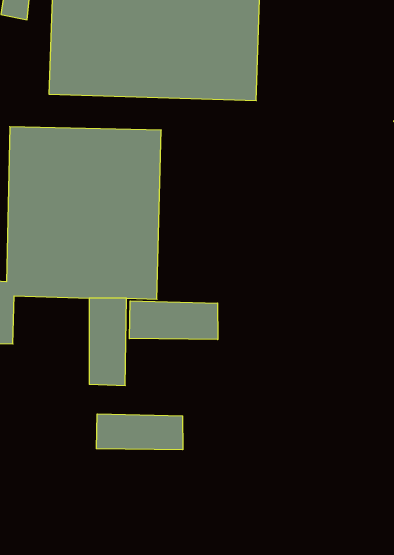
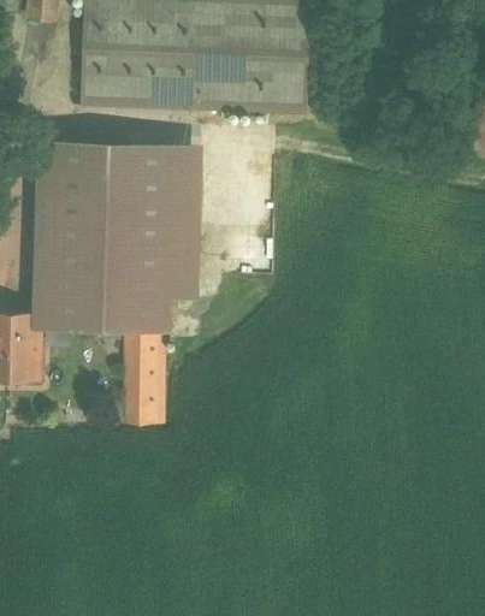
building: [129,301,218,340] -> none
building: [96,414,183,450] -> none

